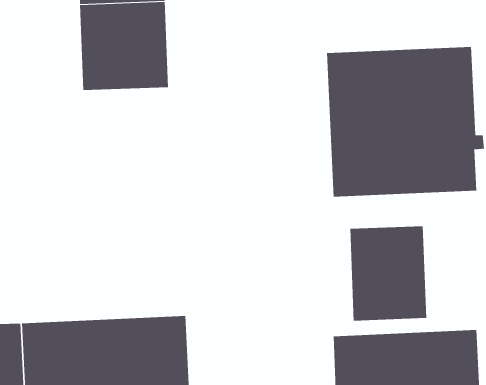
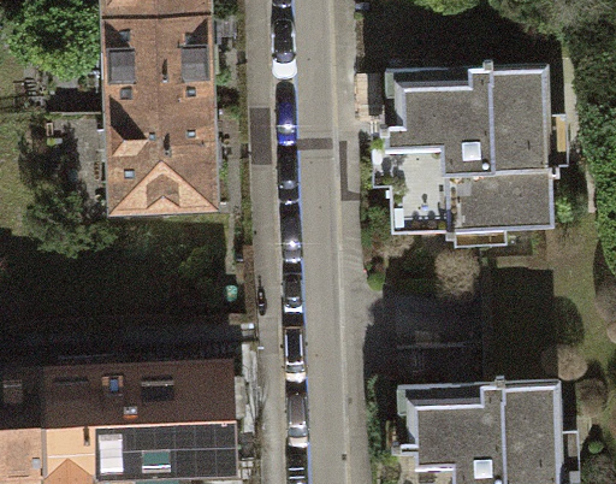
building: none -> [114,111,214,209]
building: [350,225,427,321] -> none

